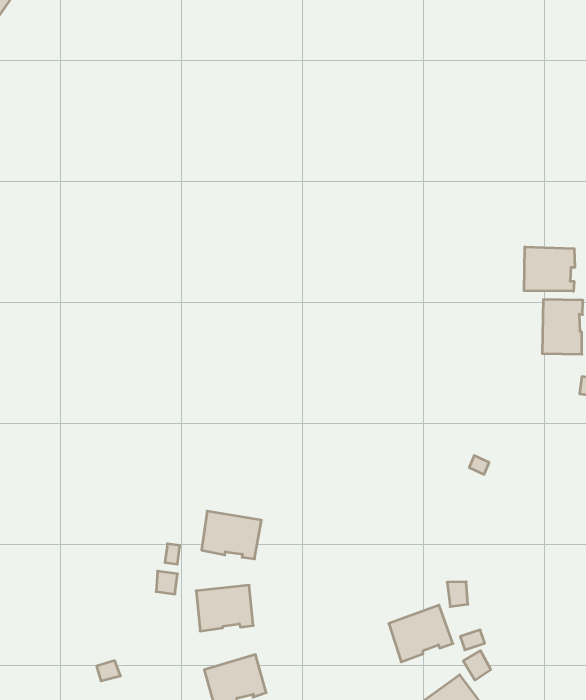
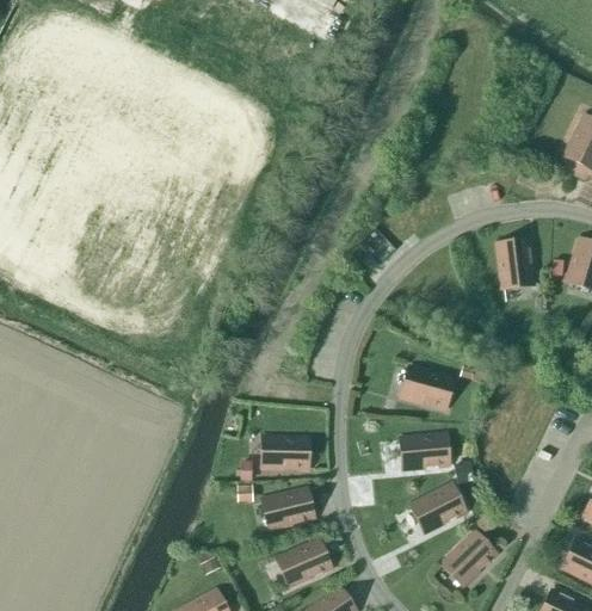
building: [524,247,575,291] -> none
building: none -> [399,368,451,408]
building: none -> [403,434,446,468]

